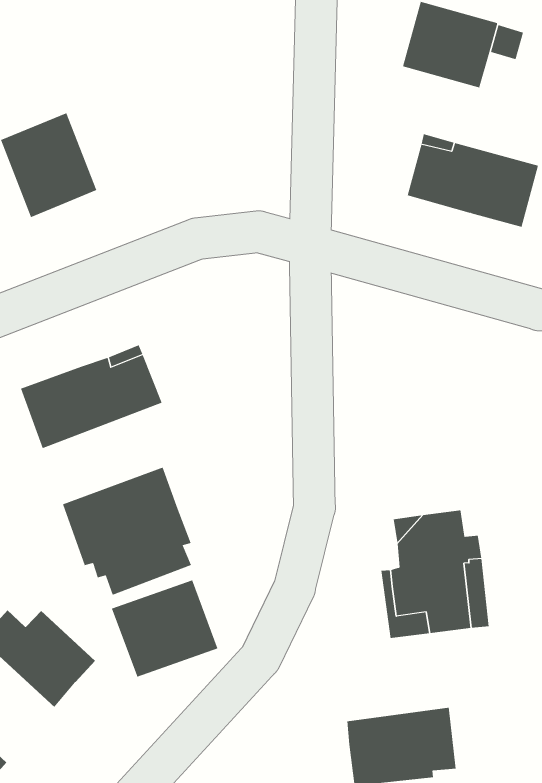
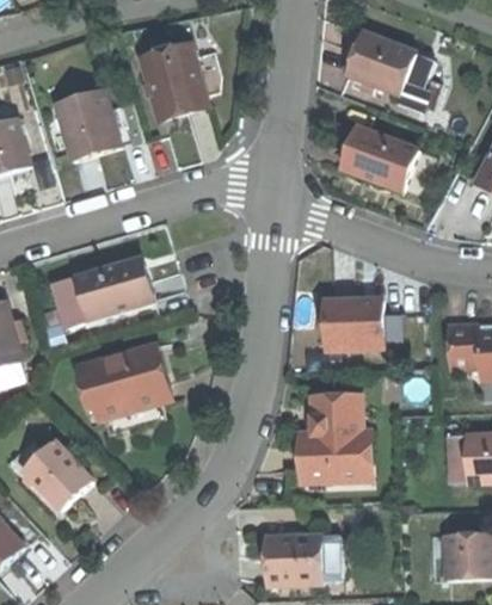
building: none -> [142,45,211,119]
building: none -> [324,298,405,348]
building: [111,580,218,677] -> none

